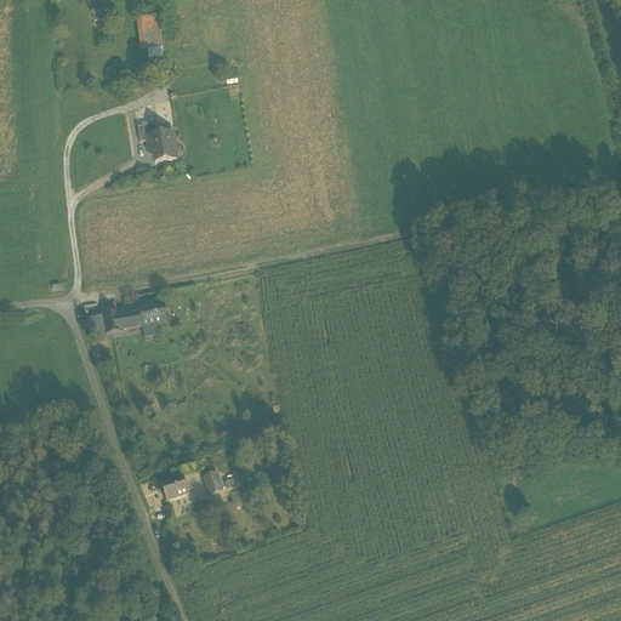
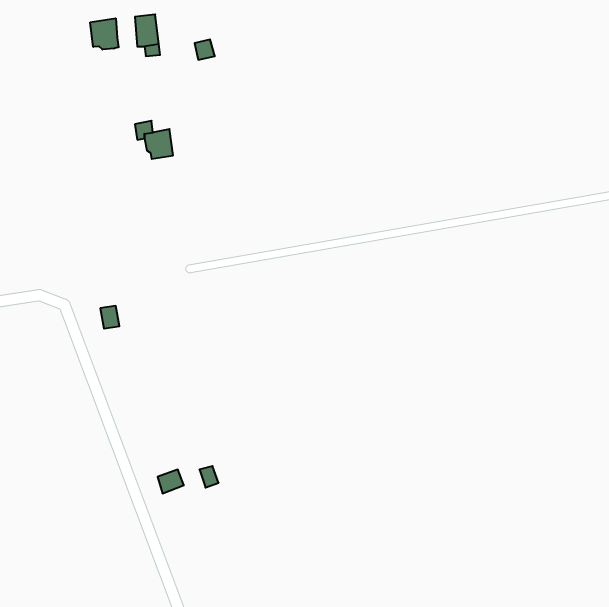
building: none -> [90,18,119,50]
building: [127,302,169,327] -> none

